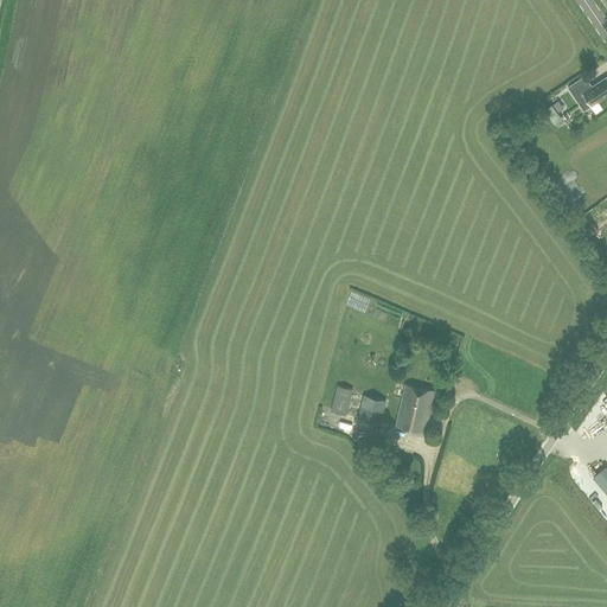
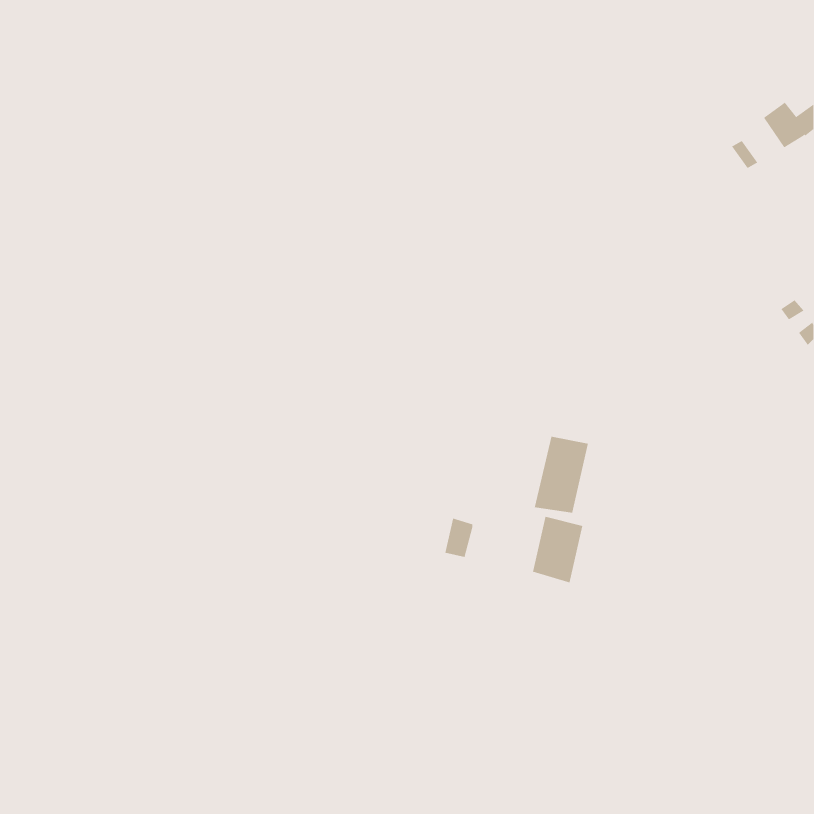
building: none -> [534,436,589,513]
building: [358,395,385,423] -> none

